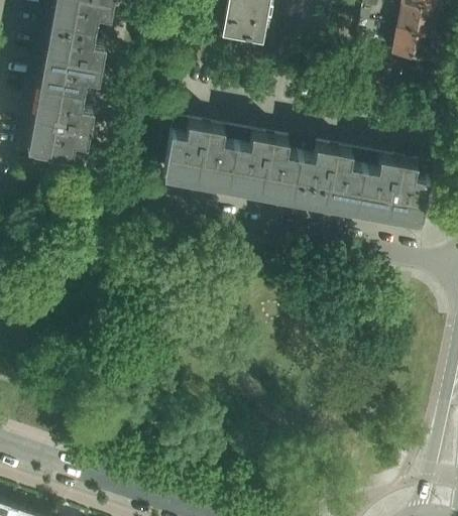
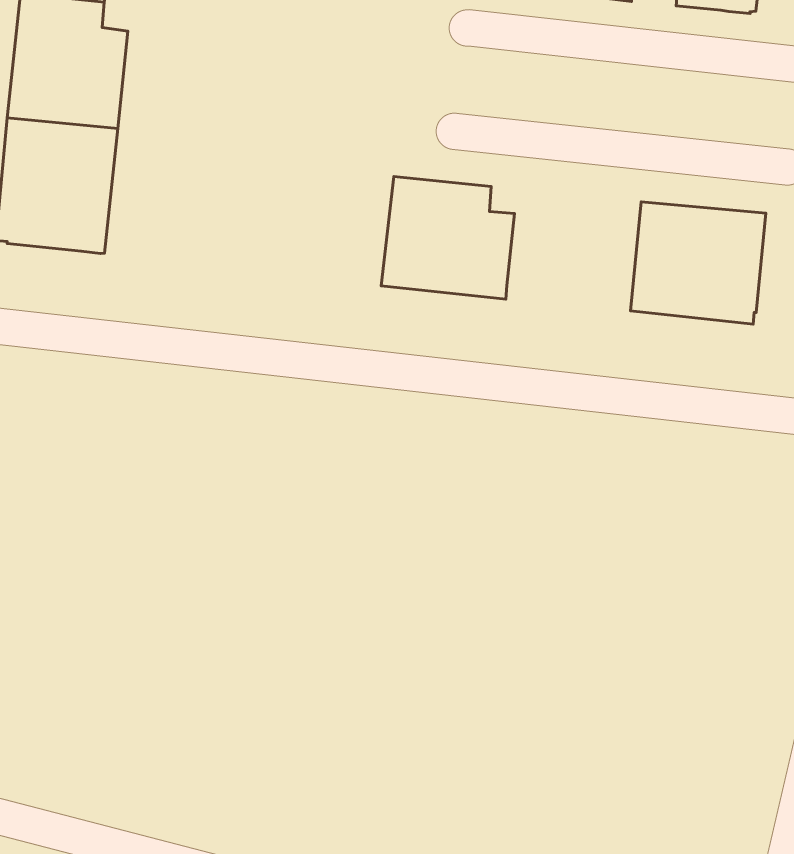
building: [164,122,239,190] -> none
building: [293,148,367,214] -> none

